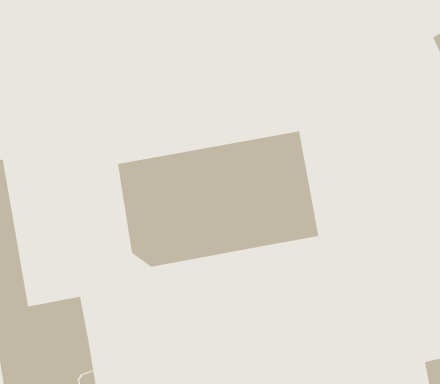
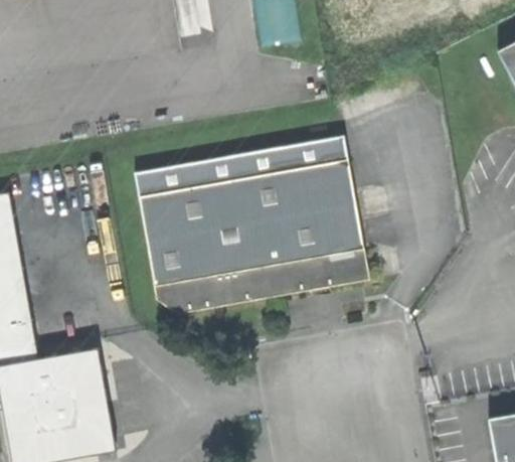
building: none -> [134,134,347,196]

